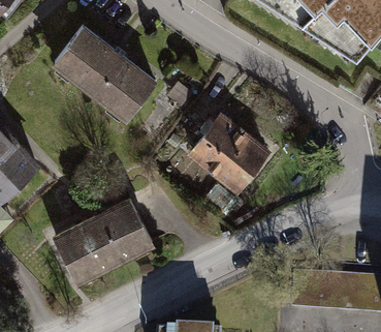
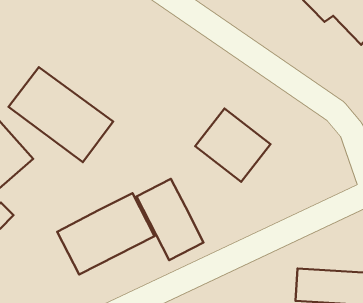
building: [50,26,153,120] -> [9,67,113,162]
building: none -> [136,179,204,260]

